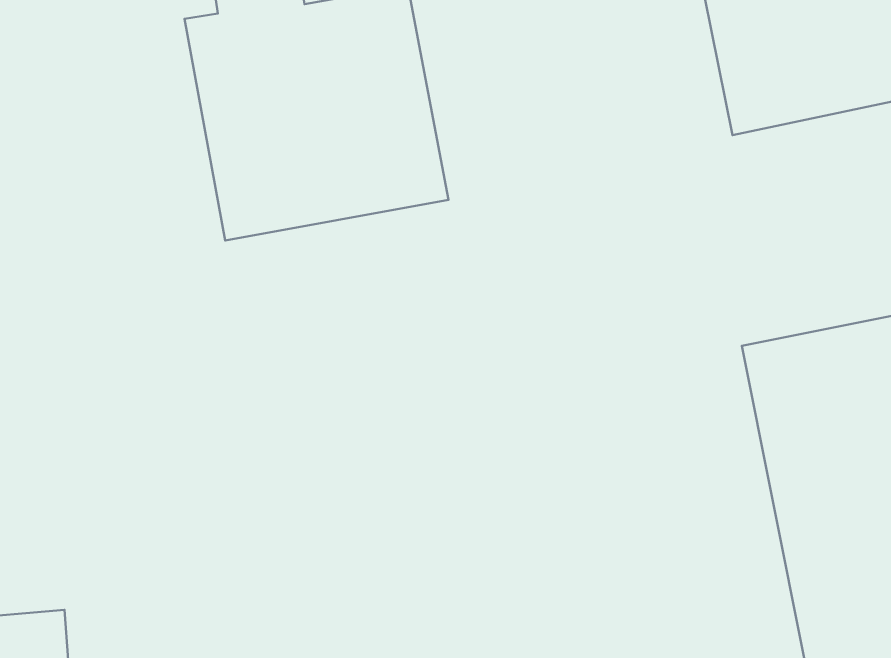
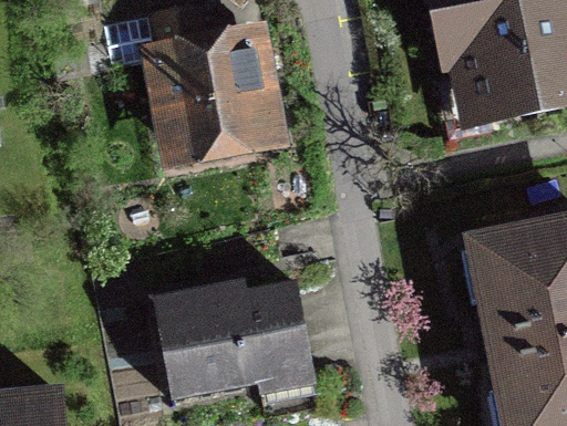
building: none -> [153,278,318,405]

